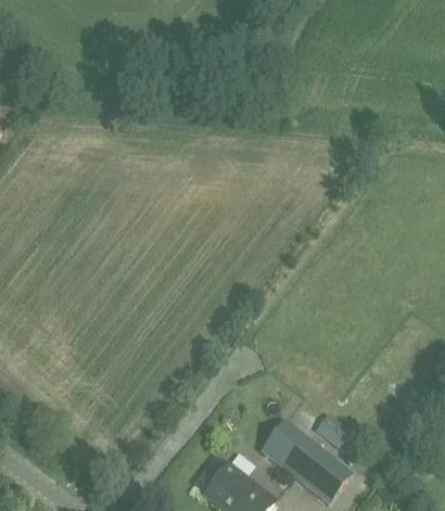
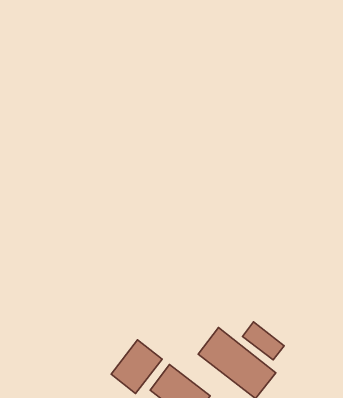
building: none -> [111,340,162,394]

